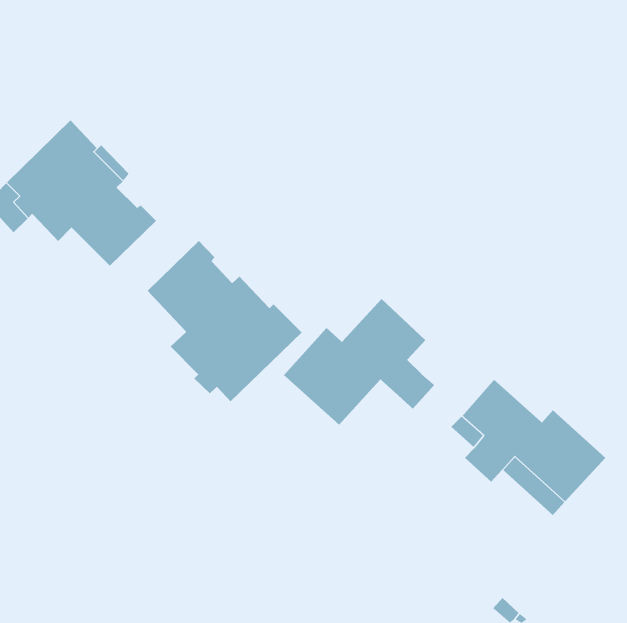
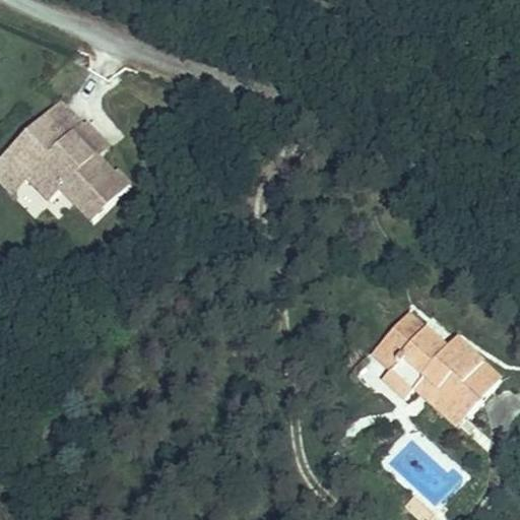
building: [147,240,302,402] -> none
building: [283,298,435,426] -> none

